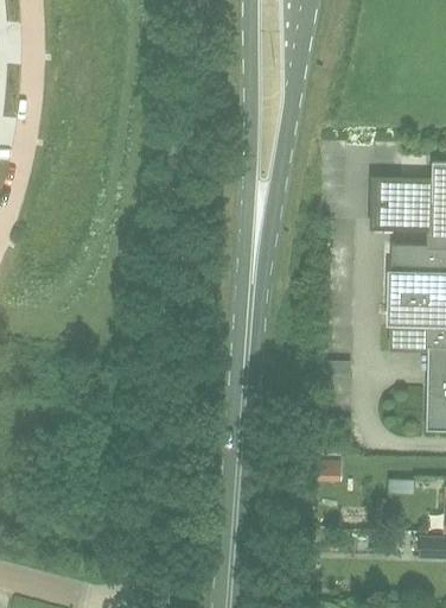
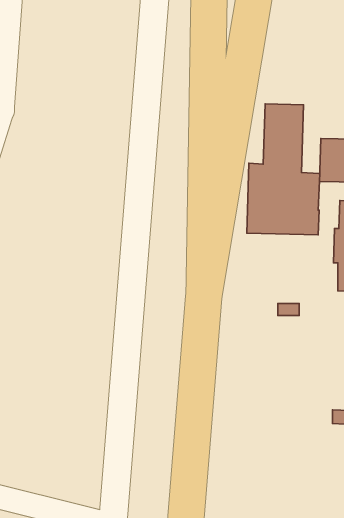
building: none -> [247,104,320,235]

